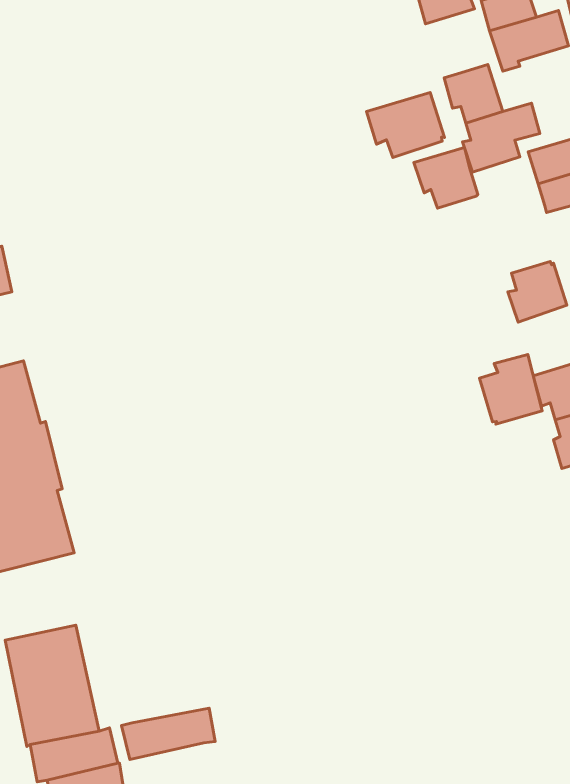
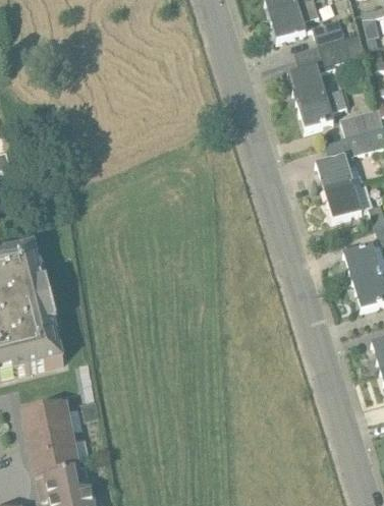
building: [367,93,445,158] -> none
building: [414,147,478,208] -> [314,152,352,188]
building: [479,355,542,424] -> none
building: [121,708,215,760] -> none

